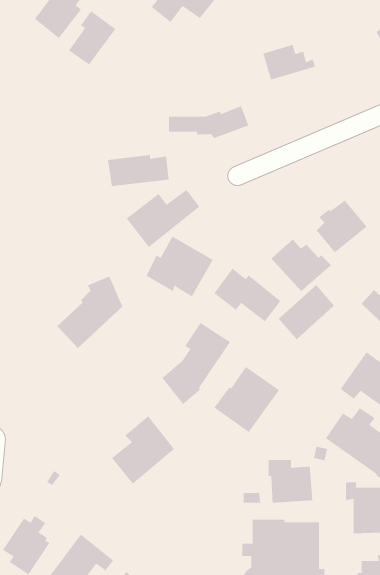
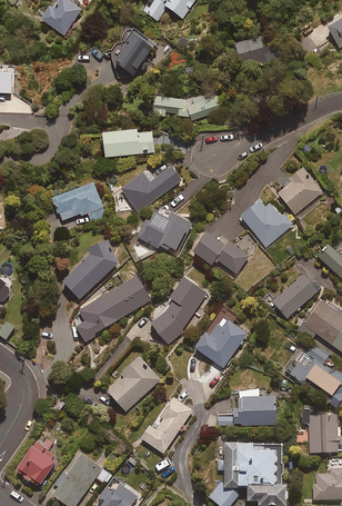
building: [68,11,116,65] -> [118,33,158,79]
building: none -> [52,179,109,228]
building: [278,284,335,340] -> [272,271,320,318]
building: none -> [76,272,152,341]
building: none -> [140,396,193,454]

